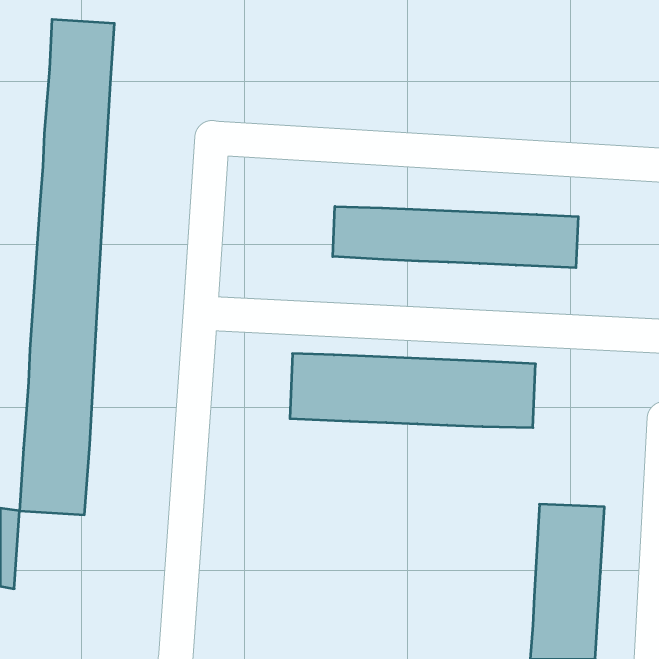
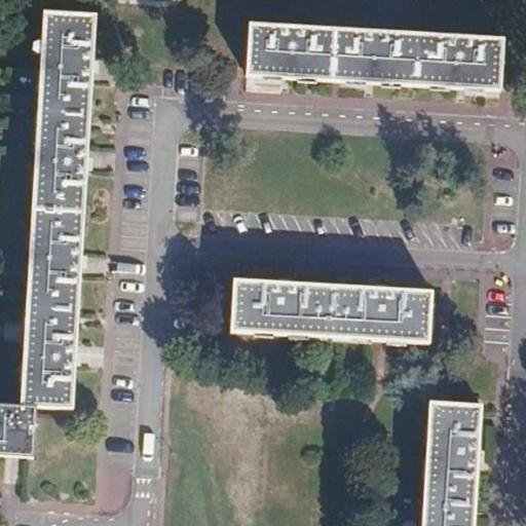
building: none -> [248,24,498,87]
building: [333,206,578,268] -> none

